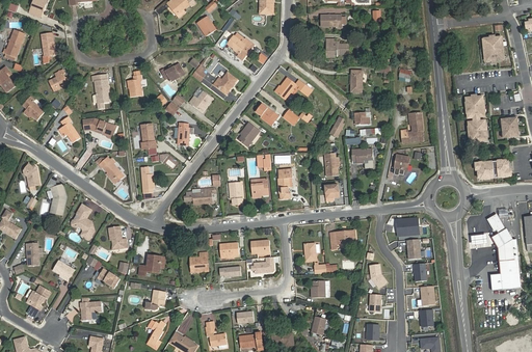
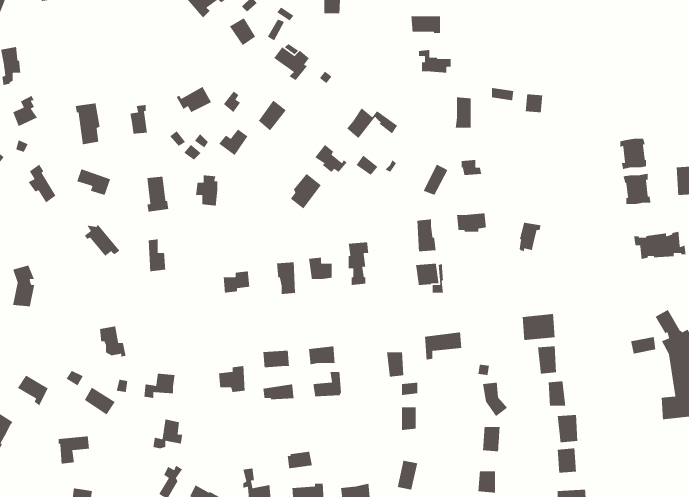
building: [480,38,500,63] -> none
building: [401,111,423,142] -> none
building: [70,204,96,237] -> none

